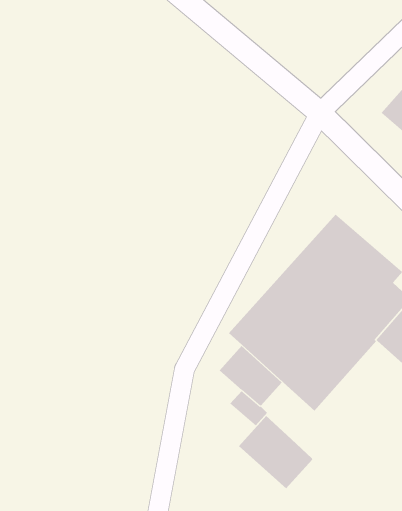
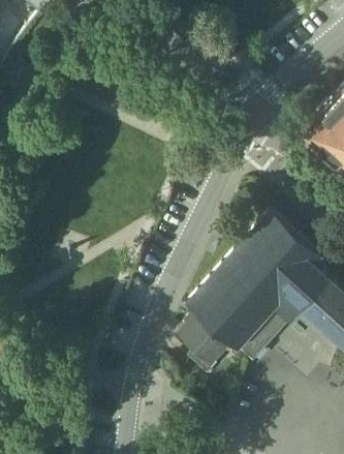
building: [238,415,313,489] -> none

